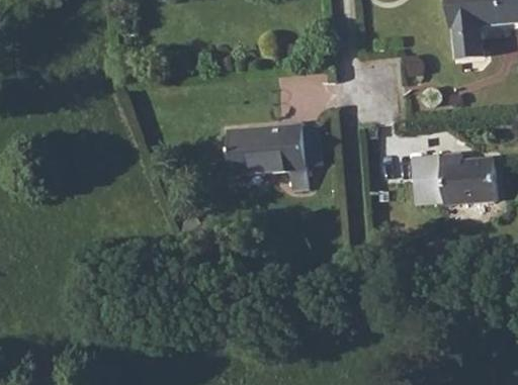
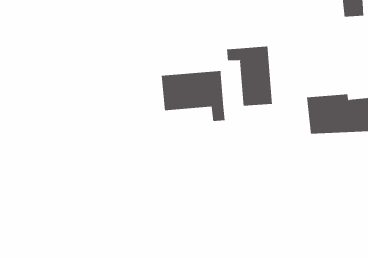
building: none -> [226,45,273,106]

